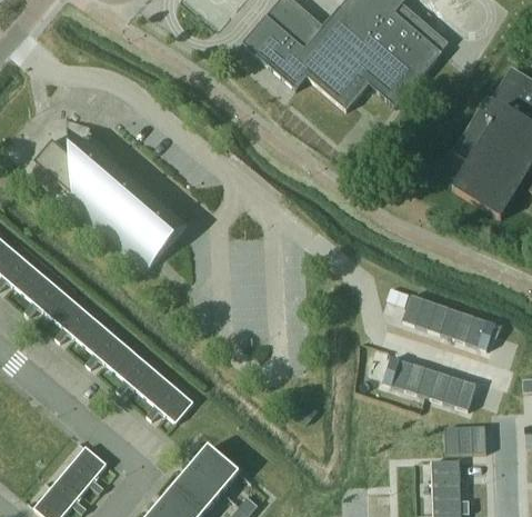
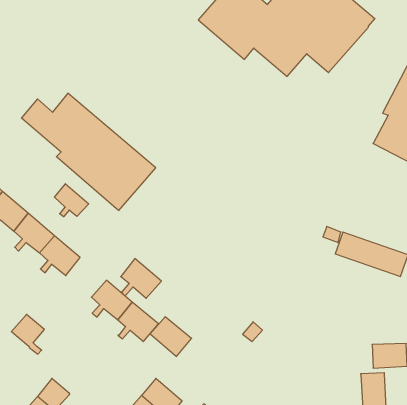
building: none -> [54,184,89,217]
building: [84,324,132,370] -> [121,259,161,298]
building: [391,358,475,409] -> none
building: [68,446,107,493] -> [11,314,44,354]
building: [190,446,239,493] -> [150,317,192,356]

